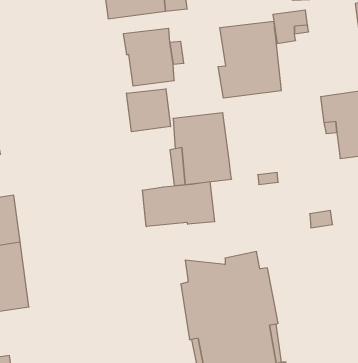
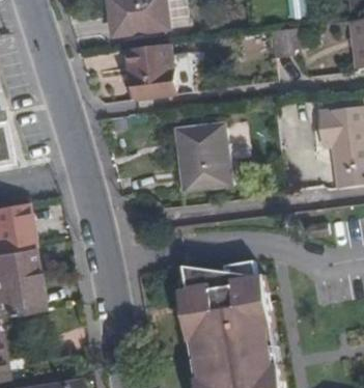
building: [218,21,281,98] -> none
building: [127,89,170,132] -> none
building: [143,182,215,227] -> none

